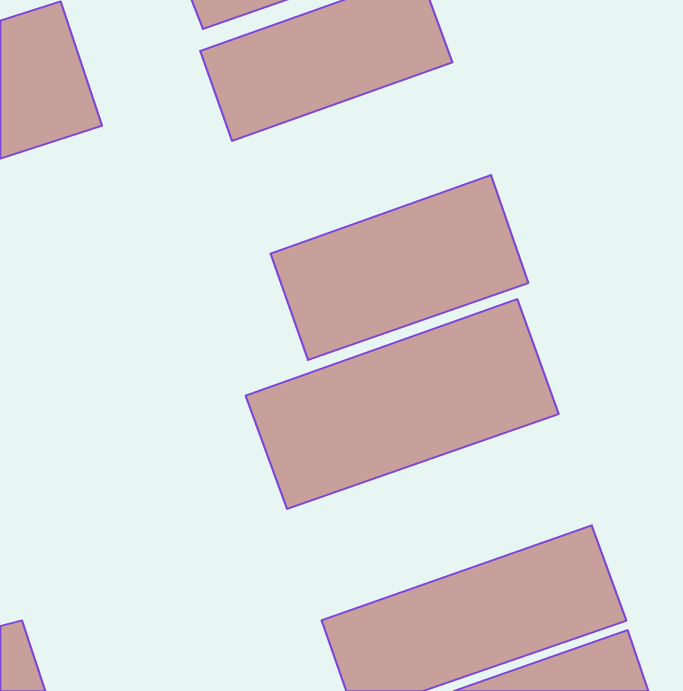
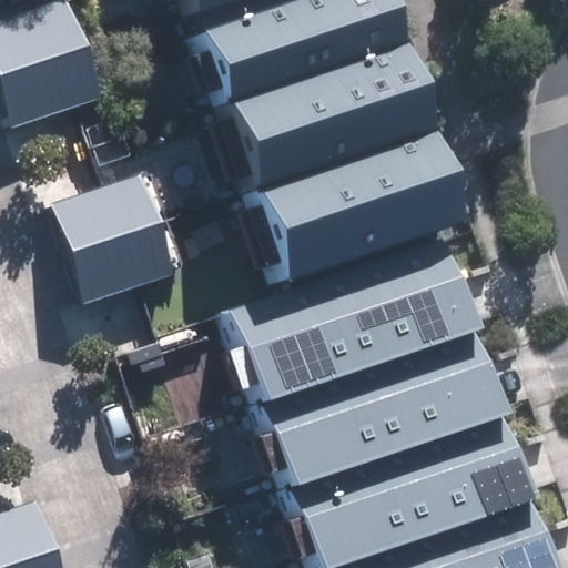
building: none -> [207,55,412,197]
building: none -> [51,174,172,304]
building: none -> [250,339,495,493]

